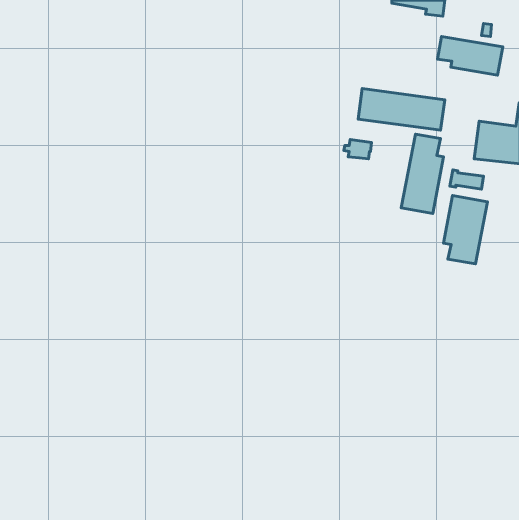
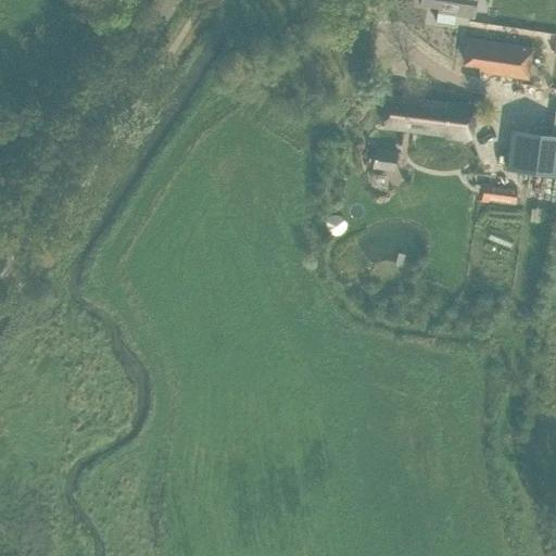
building: [401,134,444,214] -> none
building: [444,195,488,264] -> none

